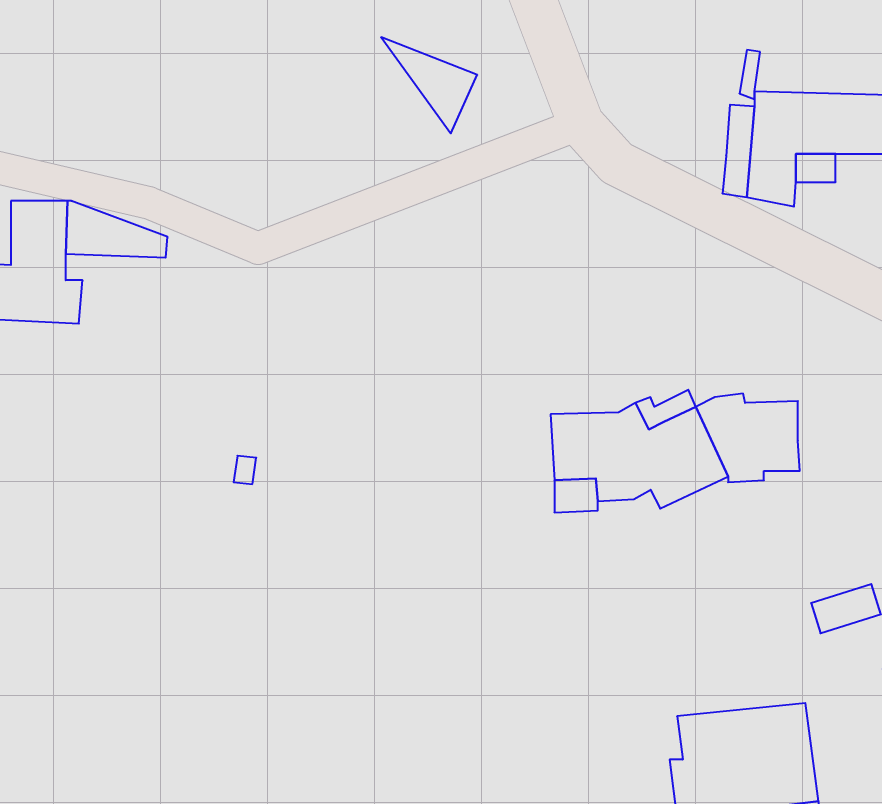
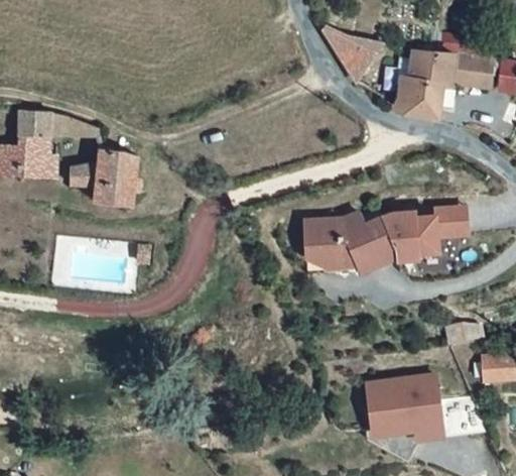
building: [381,37,477,133] -> [318,21,370,73]
building: none -> [67,146,134,203]
building: none -> [436,209,467,237]

